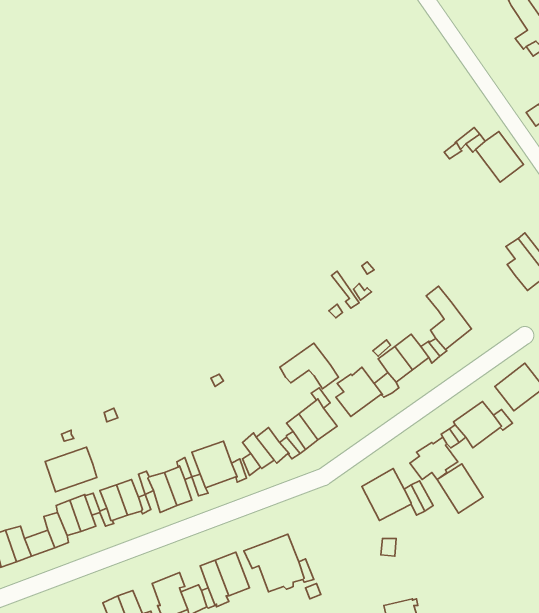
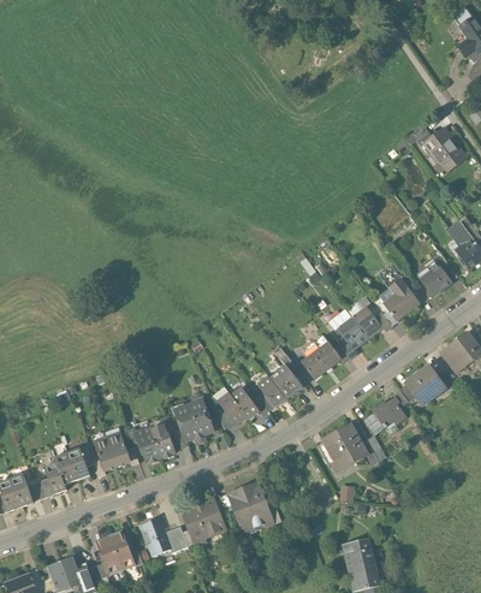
building: none -> [420,259,452,296]
building: [280,343,338,389] -> none
building: [45,447,97,492] -> none
building: [437,464,483,513] -> none

